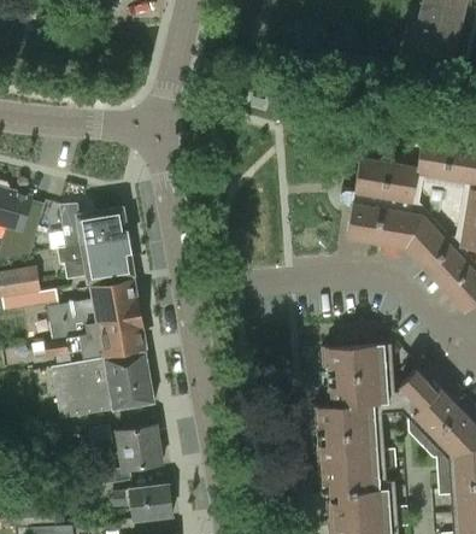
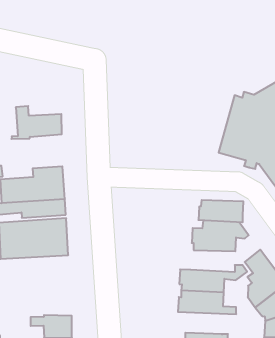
building: [59,237,135,283] -> none
building: [325,372,388,405] -> [198,200,243,222]
building: [89,427,164,486] -> none
building: [316,459,396,494] -> none

